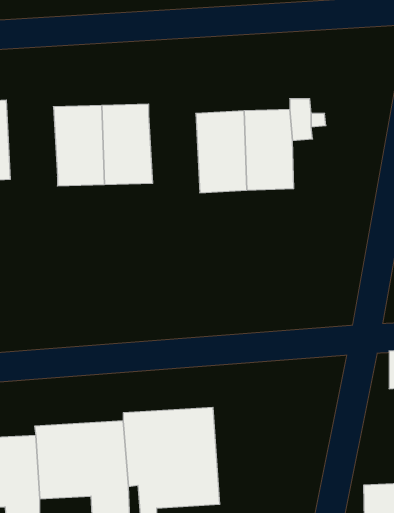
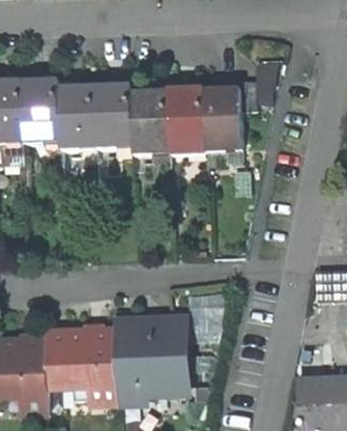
building: none -> [23,79,62,142]
building: none -> [133,91,172,153]

